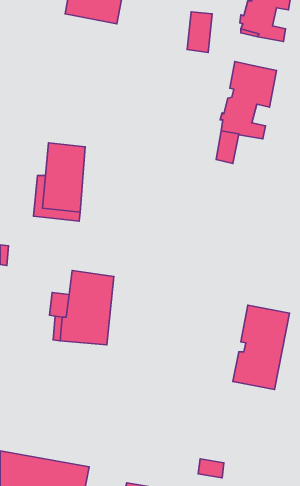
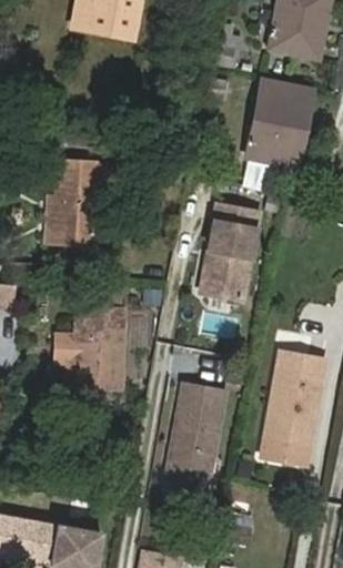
building: none -> [201,205,259,301]
building: none -> [167,382,225,484]
building: none -> [256,436,309,475]

